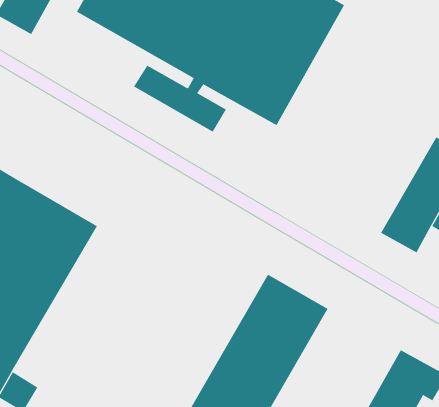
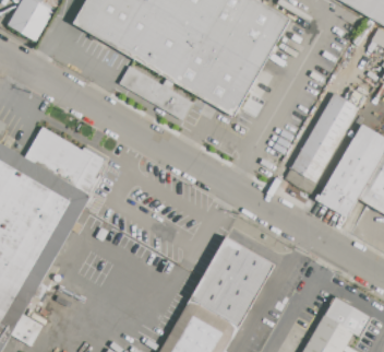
building: none -> [290,94,357,183]
building: none -> [24,127,103,197]

